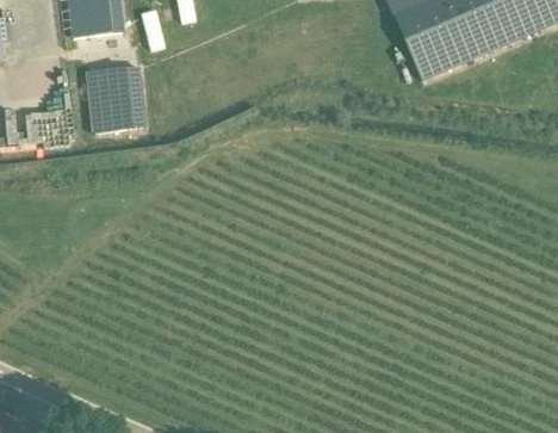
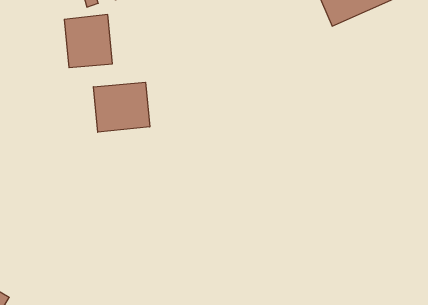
building: none -> [93,82,150,132]

